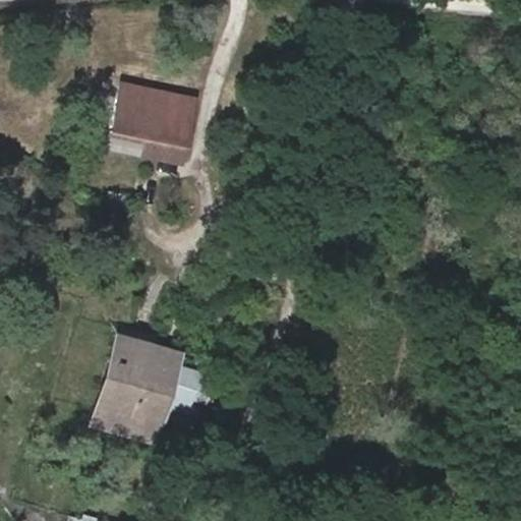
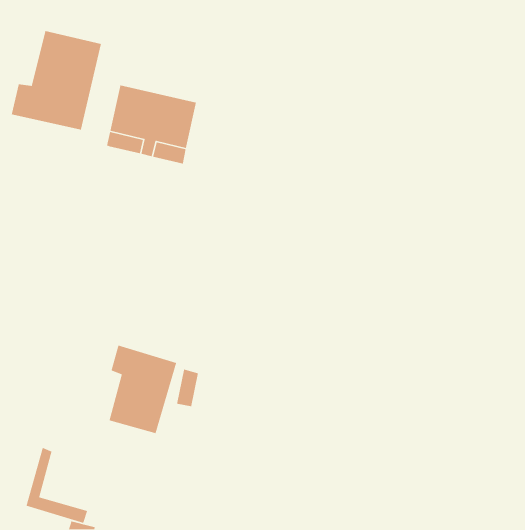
building: none -> [11,30,102,131]
building: [99,362,160,438] -> [26,447,88,524]

